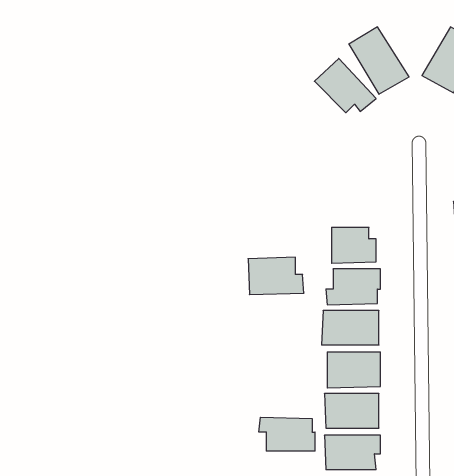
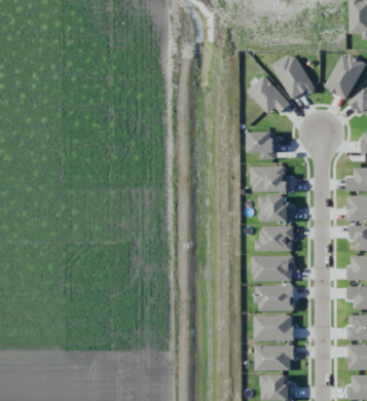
building: none -> [250,132,277,159]
building: [248,257,304,295] -> [251,166,291,192]
building: [259,417,315,451] -> none

